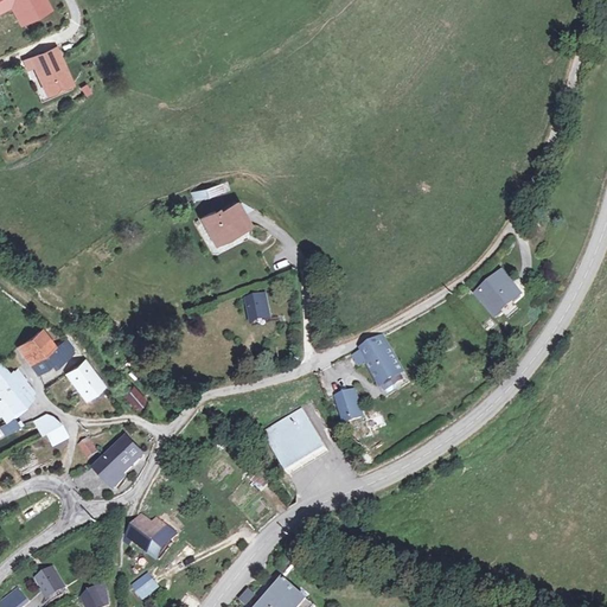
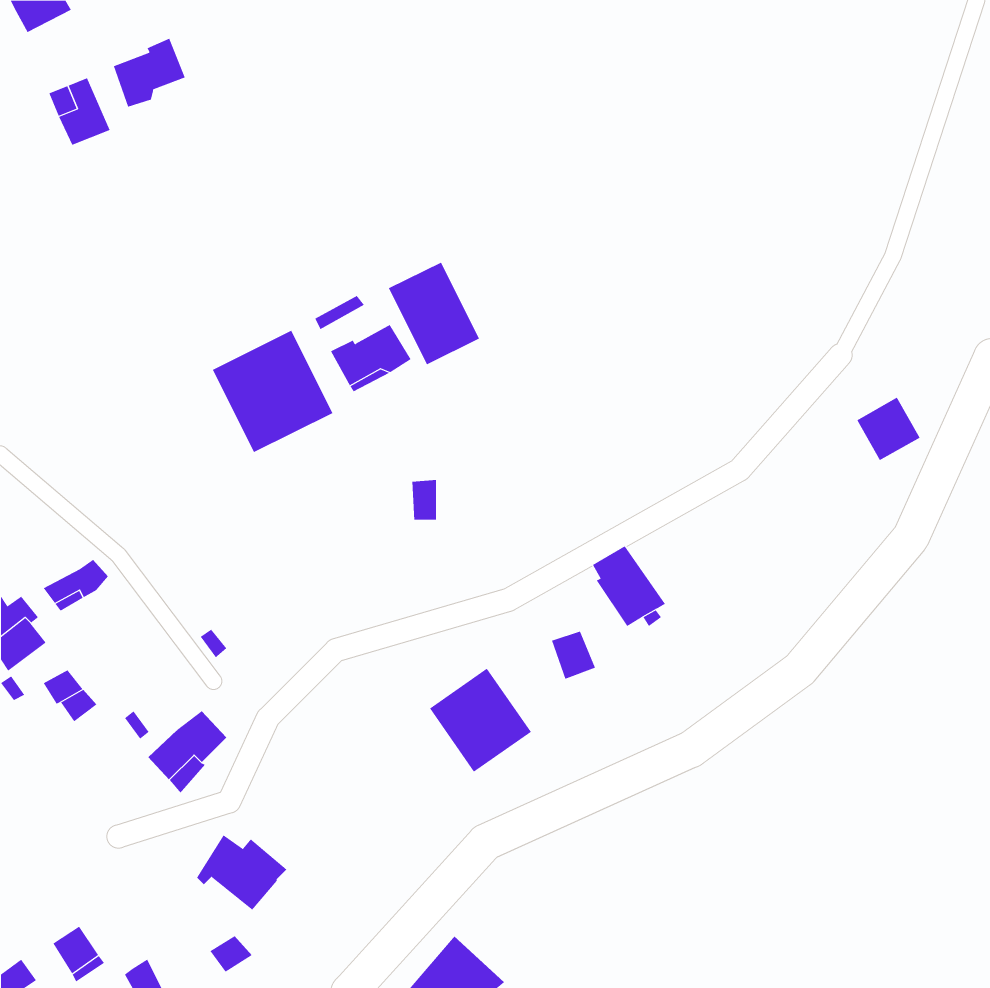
building: none -> [113,38,186,107]
building: none -> [388,262,480,365]
building: none -> [212,330,333,453]
building: [486,276,525,315] -> [856,397,920,461]
building: [17,331,50,362] -> none
building: [63,359,100,398] -> none

